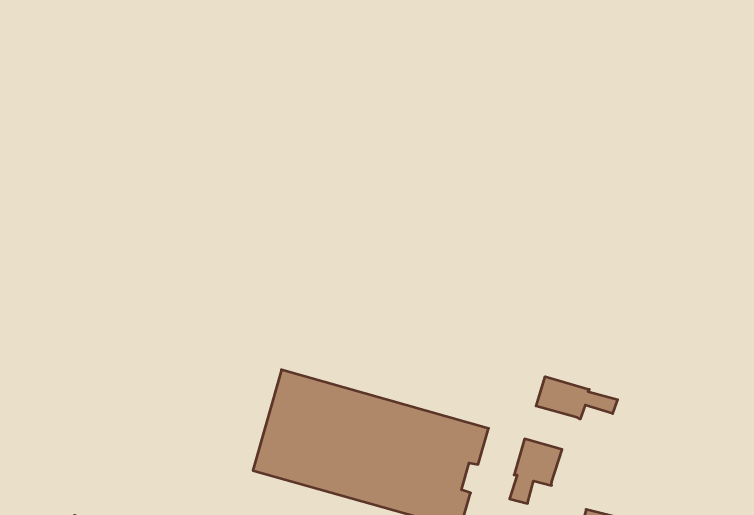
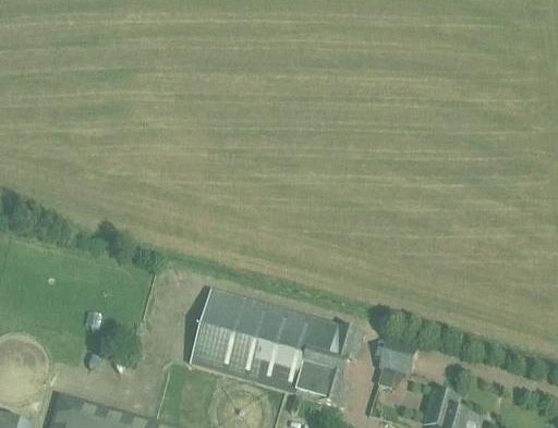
building: [536,377,618,419] -> none

